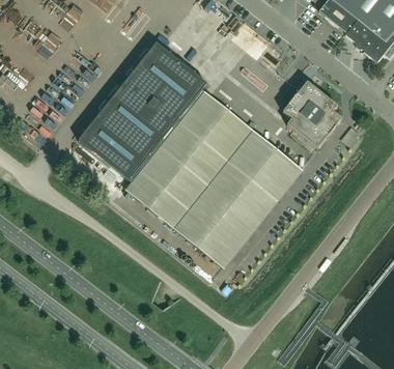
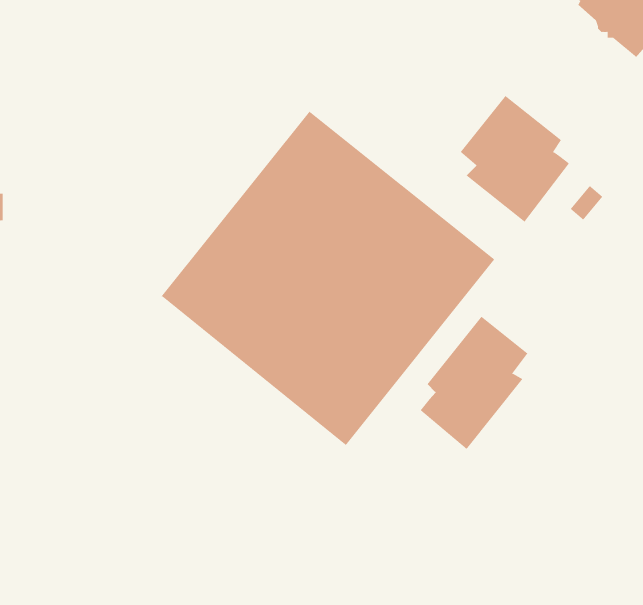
building: [78,42,206,180] -> none
building: none -> [420,316,528,450]

